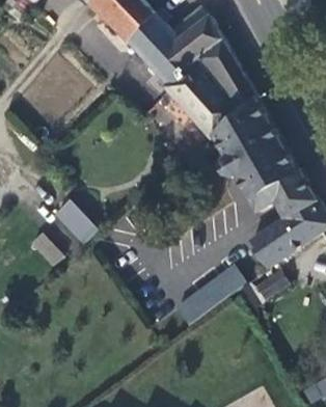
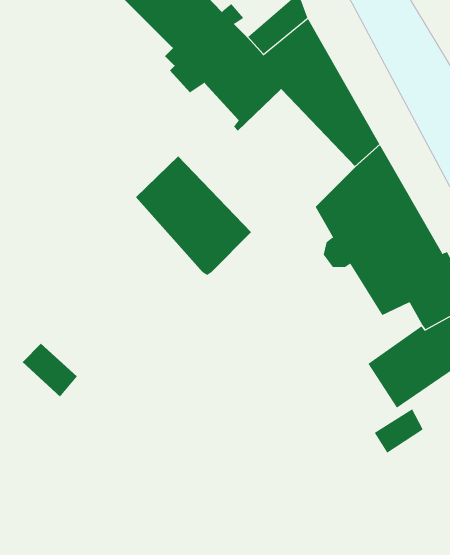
building: [165,63,241,141] -> [135,155,252,276]
building: [54,202,98,247] -> none
building: [175,264,247,324] -> none

